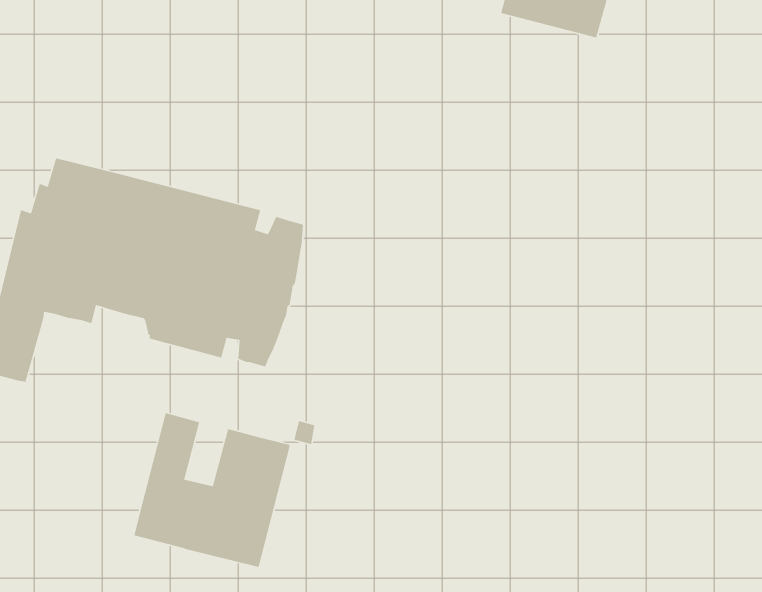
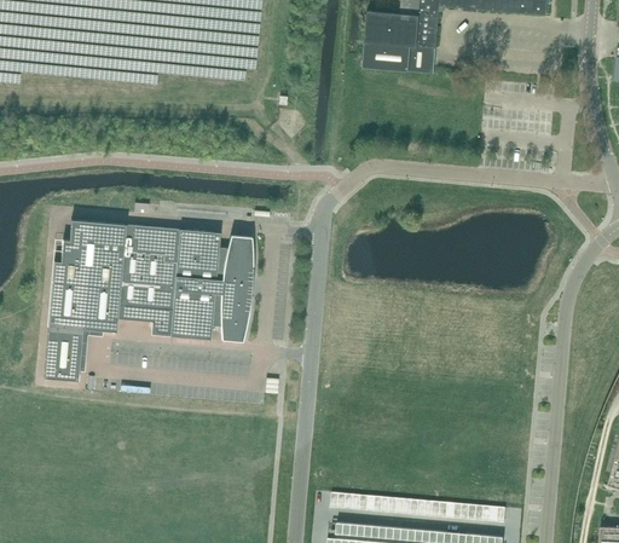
building: [134,412,291,568] -> none

